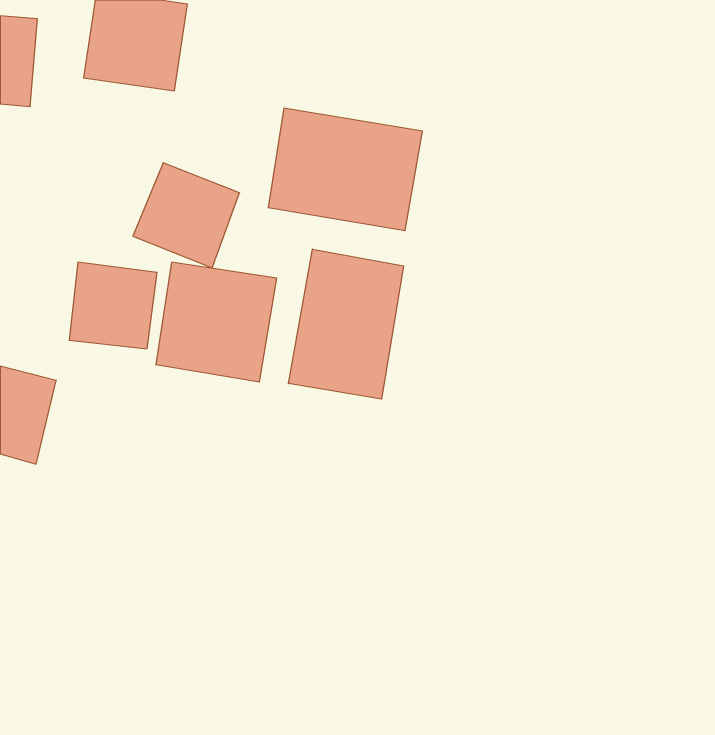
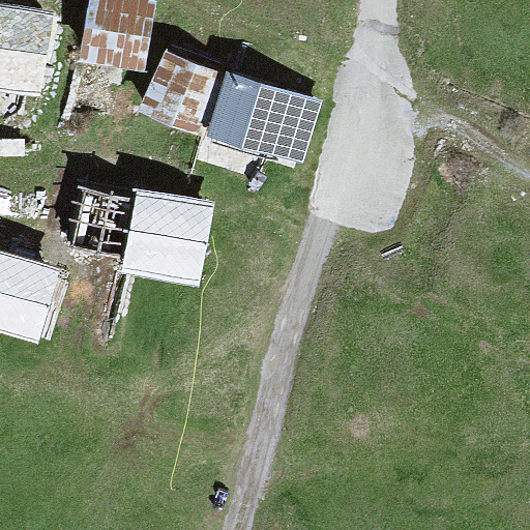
building: [133,163,240,268] -> [141,55,217,130]
building: [288,249,404,399] -> none

